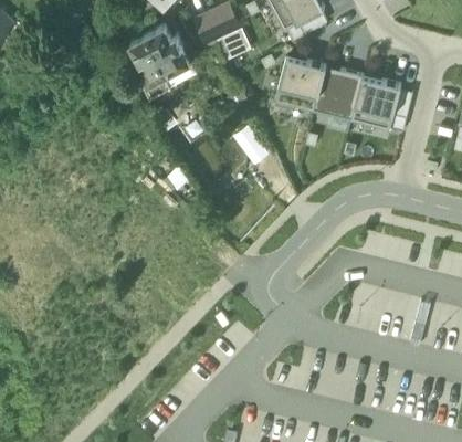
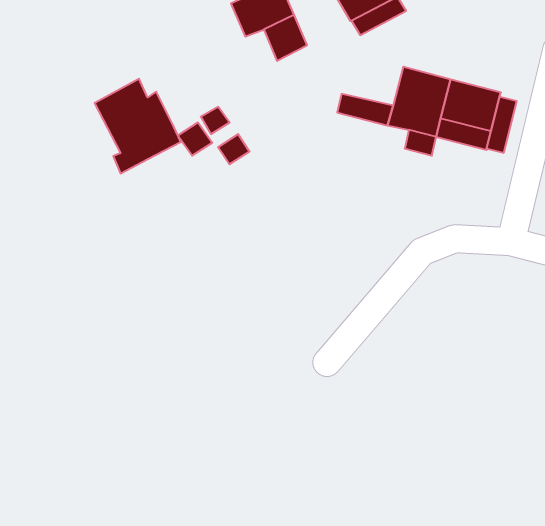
building: [129,23,196,96] -> [95,79,181,173]
building: [277,55,325,95] -> none

